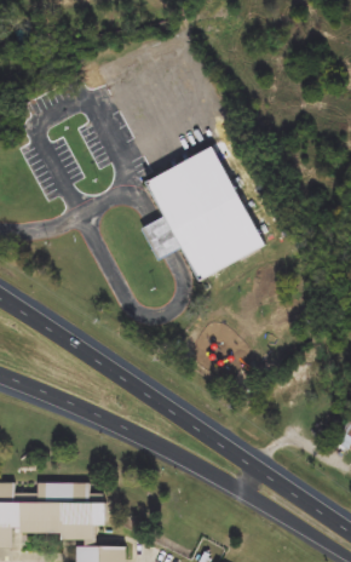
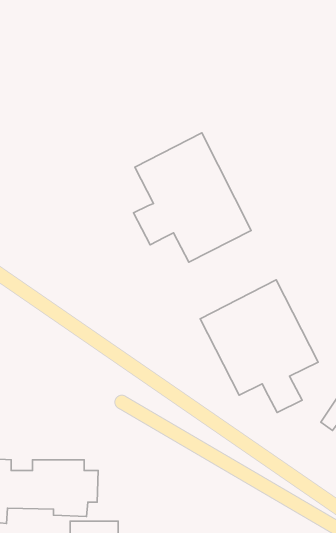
building: none -> [200,280,318,413]

